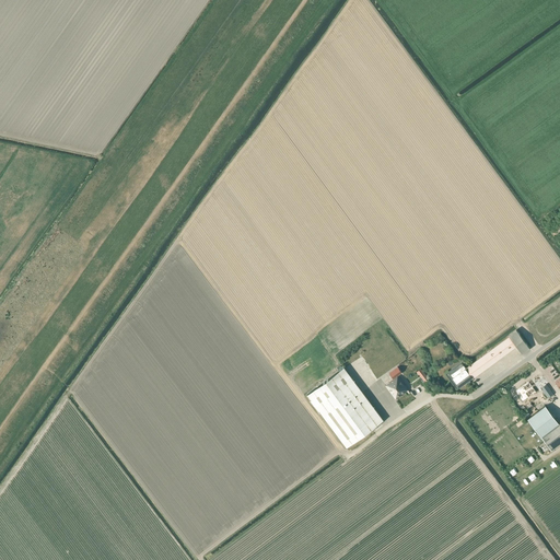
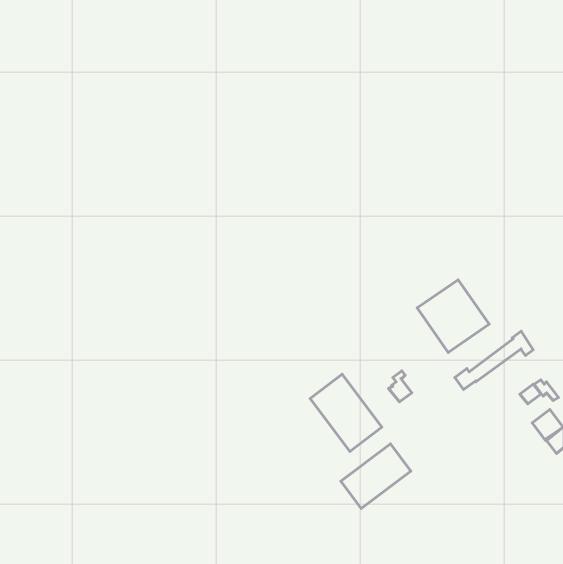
building: none -> [417,280,489,353]
building: none -> [341,444,411,508]

